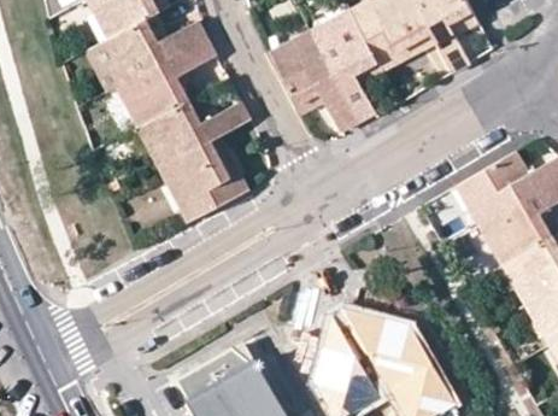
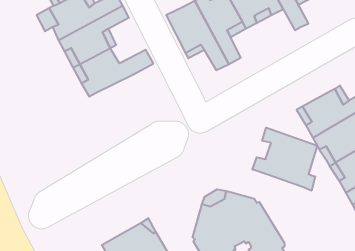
building: [159,136,249,223] -> none
building: none -> [252,128,317,191]

